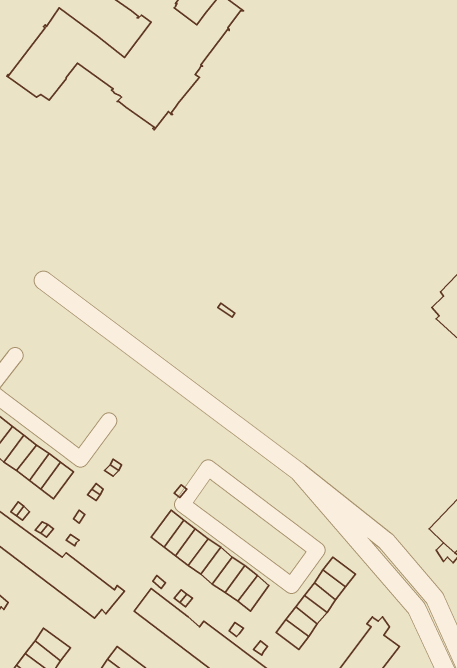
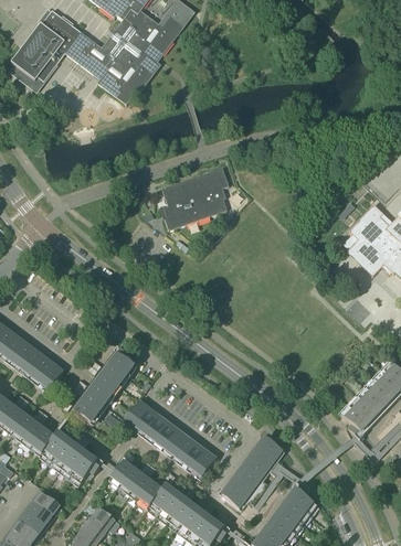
building: none -> [161,165,229,227]
building: none -> [73,344,134,422]

